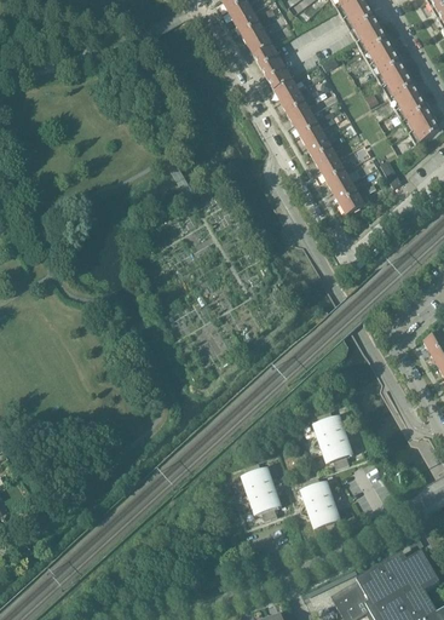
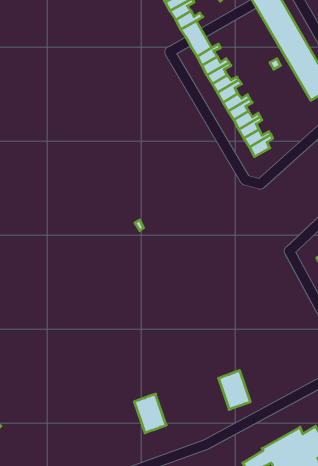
building: [312,417,352,464] -> none
building: [241,467,281,516] -> [134,394,166,433]

